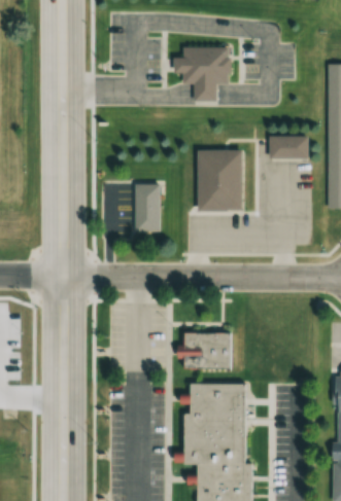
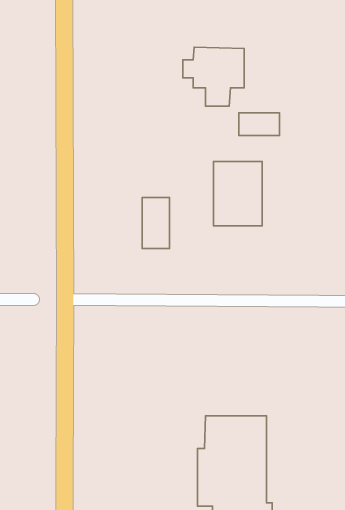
building: [270,138,307,158] -> [239,113,280,135]
building: [186,332,232,367] -> none

